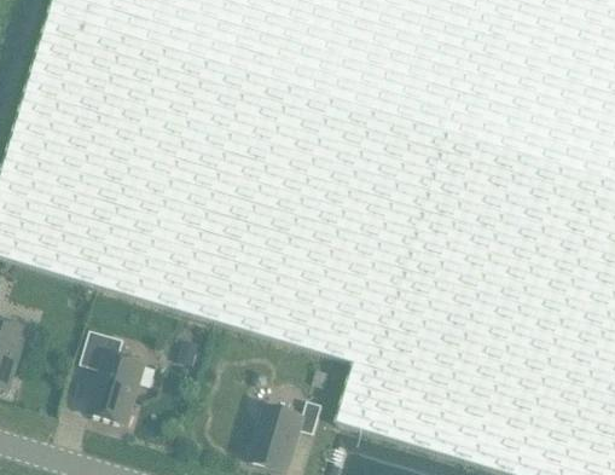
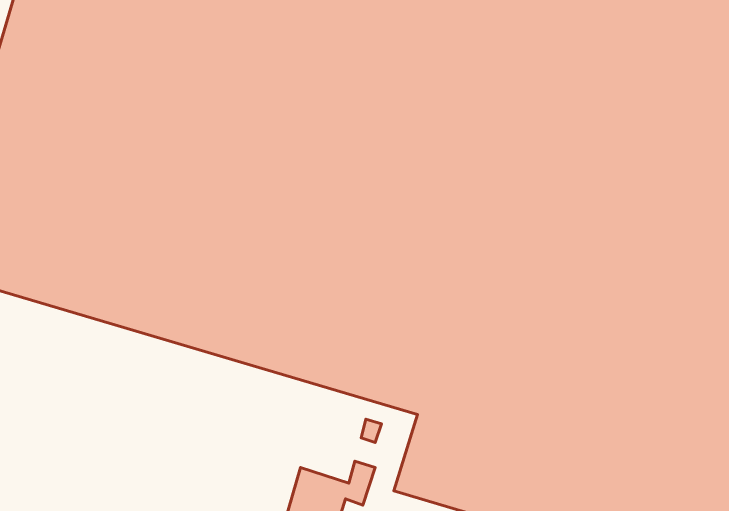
building: [80,328,144,421] -> none

